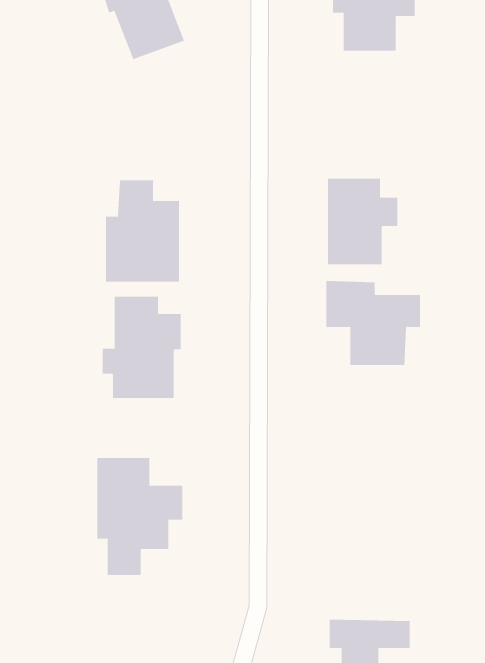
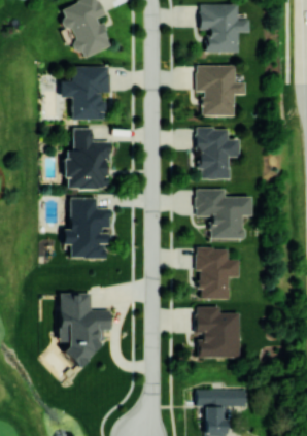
building: none -> [196,65,245,115]
building: none -> [61,66,110,121]
building: none -> [197,247,240,300]
building: none -> [197,307,240,358]

